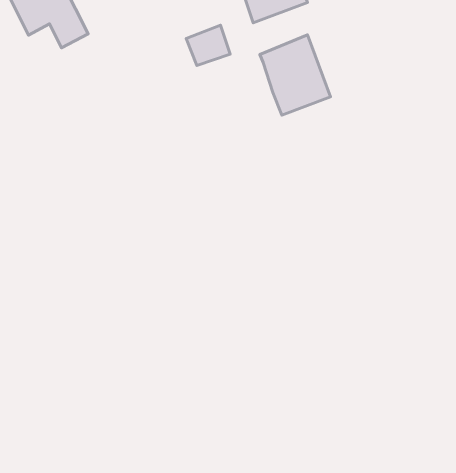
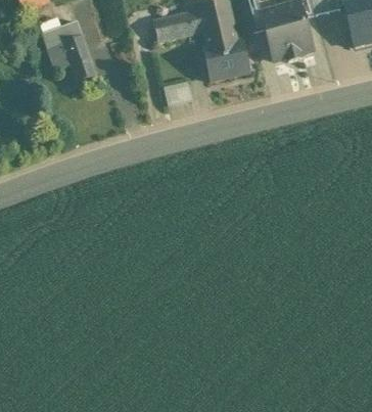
building: [260,35,331,115] -> none

